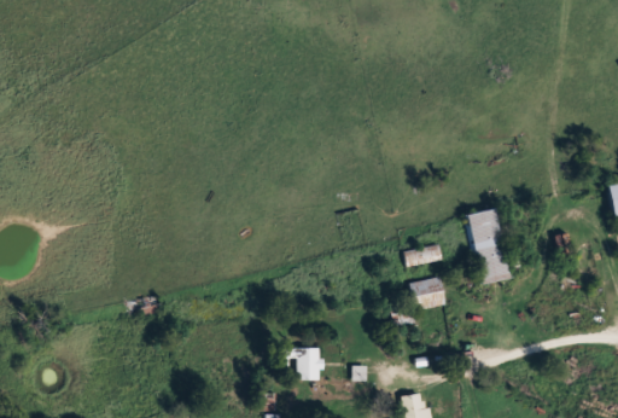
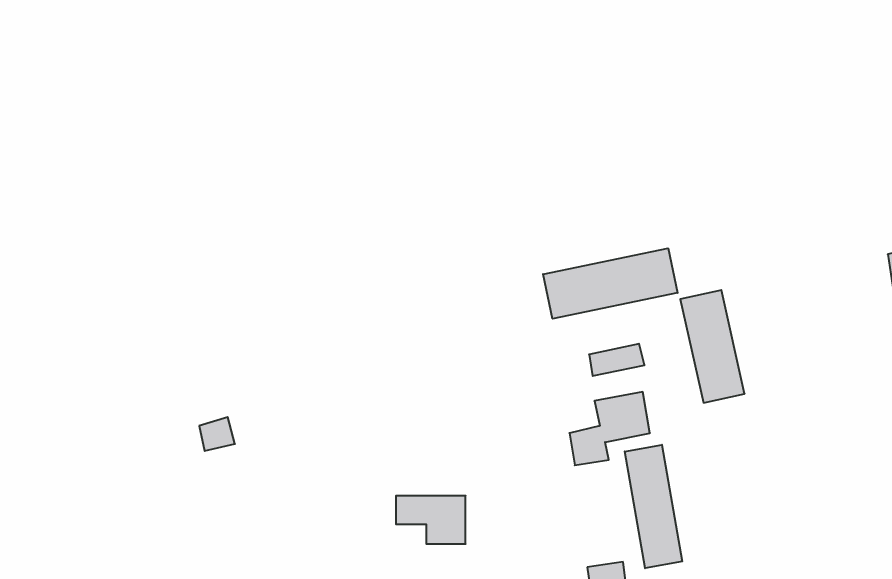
building: none -> [543,248,678,319]
building: none -> [625,445,682,568]

